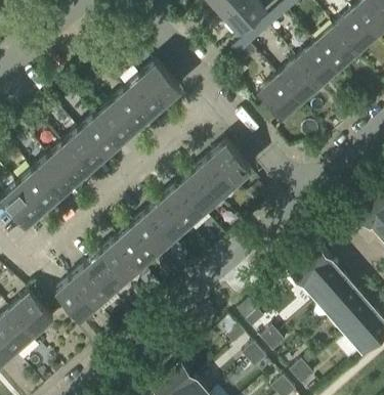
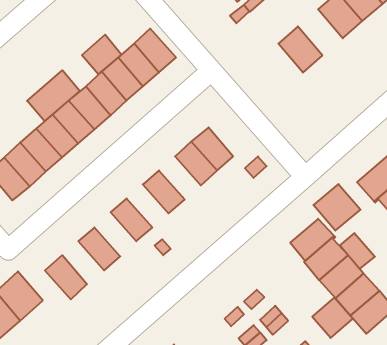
building: [297,43,340,87] -> none
building: none -> [82,35,121,74]
building: [259,76,302,121] -> none
building: none -> [27,70,80,121]
building: [212,141,252,183] -> none
building: [165,183,205,224] -> none
building: none -> [313,184,361,231]
building: [134,210,174,251] -> none
building: [103,236,143,278] -> none
building: none -> [340,233,375,269]
building: [73,264,113,305] -> none
building: none -> [312,297,353,338]

